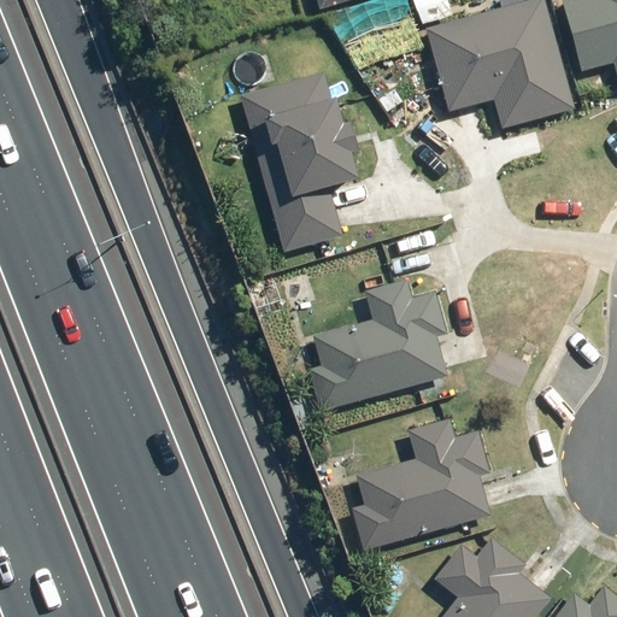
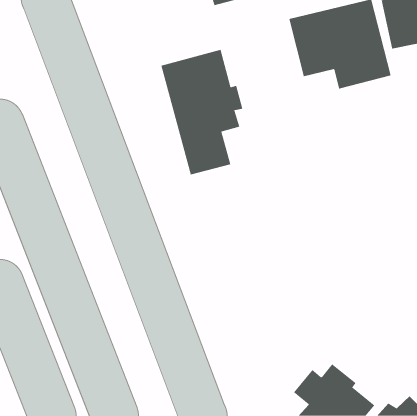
building: [306,280,448,412] -> none
building: [348,413,490,551] -> none

